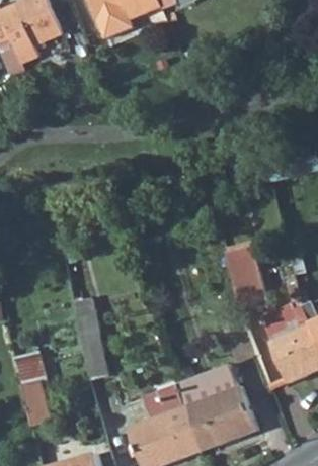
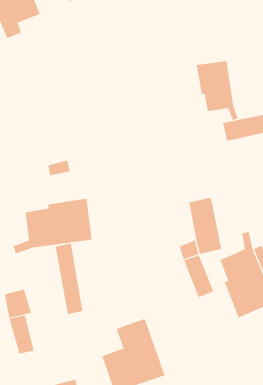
building: none -> [196,60,238,121]
building: none -> [13,198,92,254]
building: [176,365,256,450] -> none

